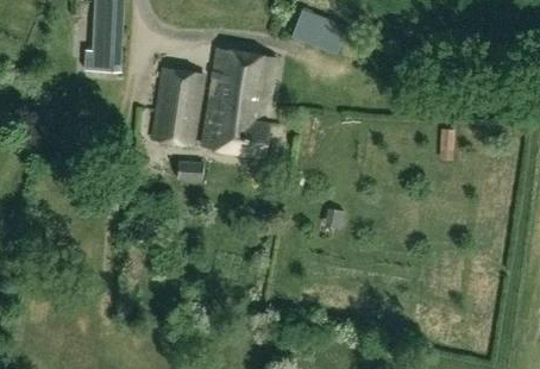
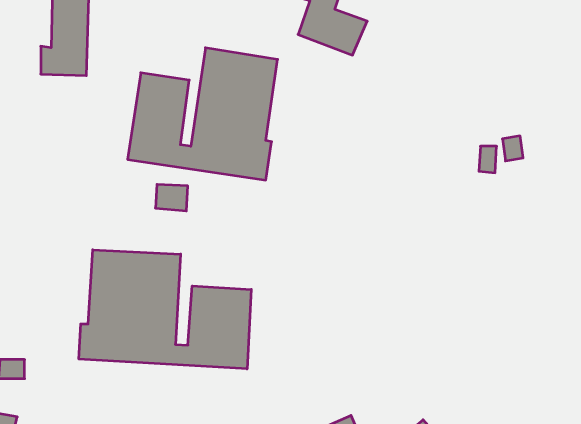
building: none -> [79,250,251,369]

